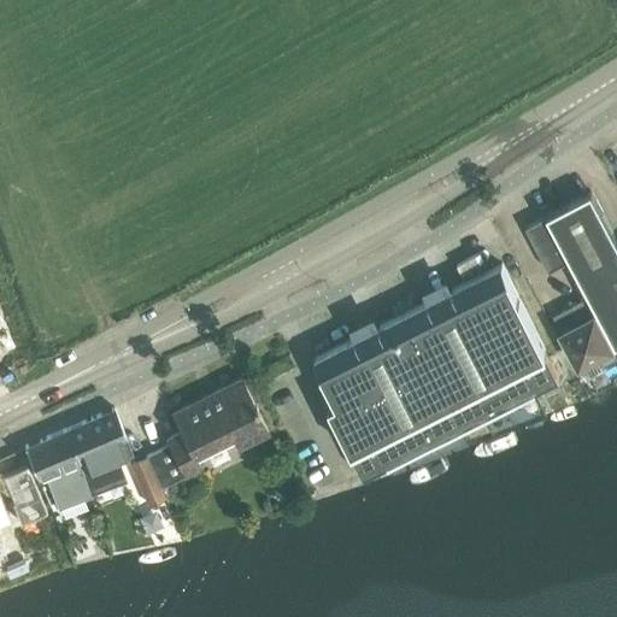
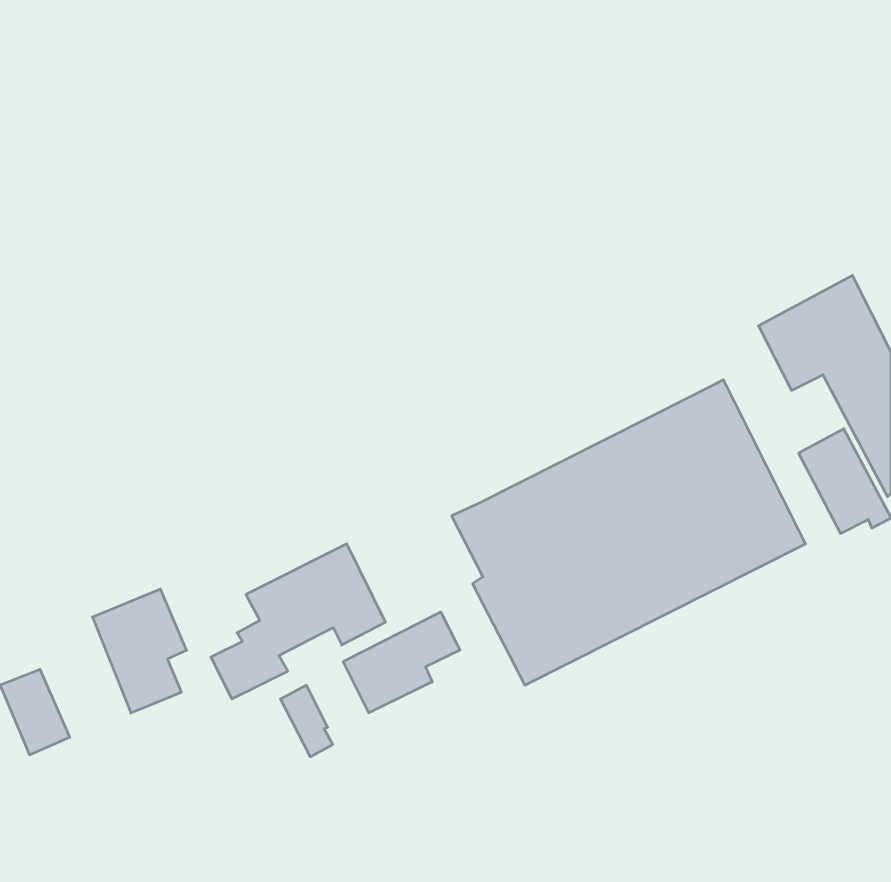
building: none -> [343,612,460,713]
building: [23,433,90,512] -> none
building: [128,460,164,510] -> [280,685,333,757]

